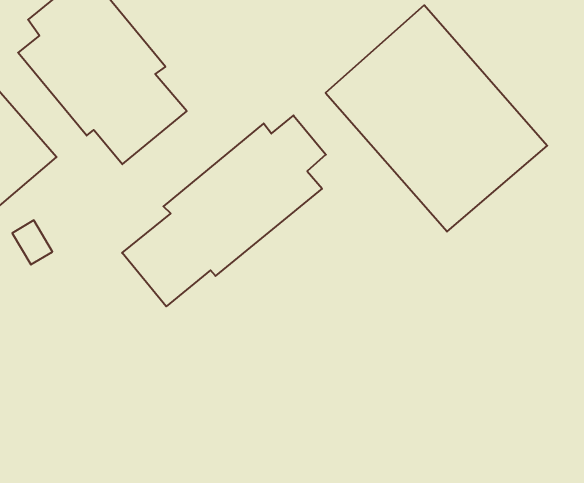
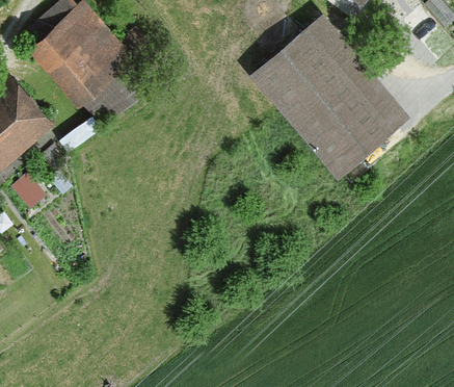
building: [122,115,326,306] -> none

